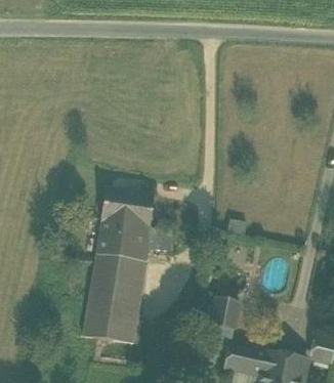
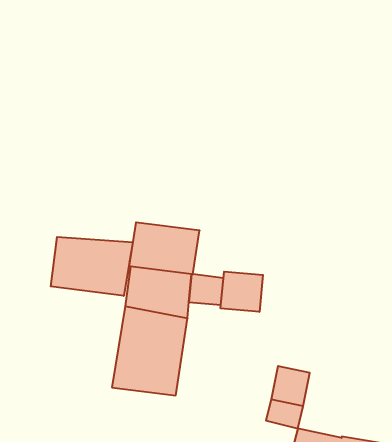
building: none -> [51,237,133,296]
building: none -> [221,272,263,312]
building: [83,313,136,342] -> none

